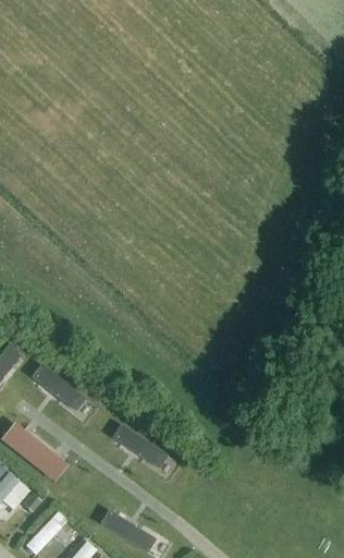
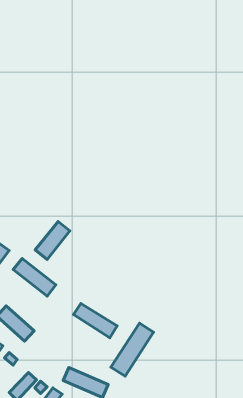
building: none -> [35,222,70,260]
building: none -> [111,323,153,376]

